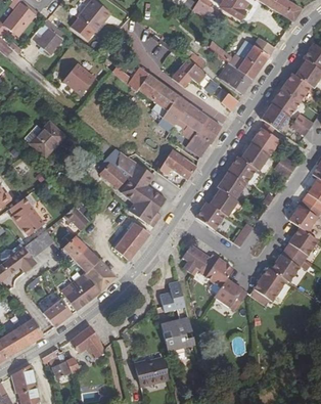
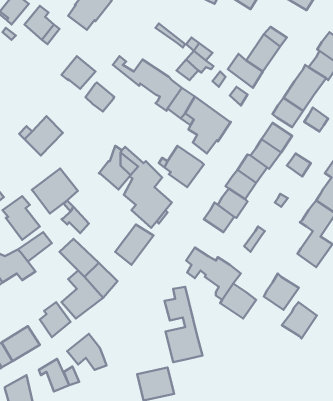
building: none -> [86,83,114,112]
building: none -> [32,169,78,214]
building: [269,250,302,283] -> [282,302,317,338]

